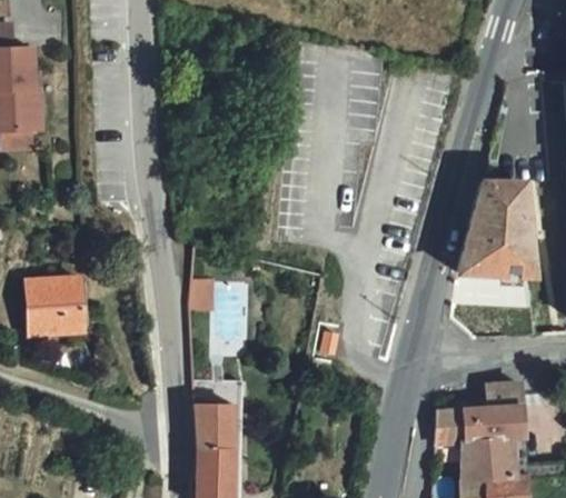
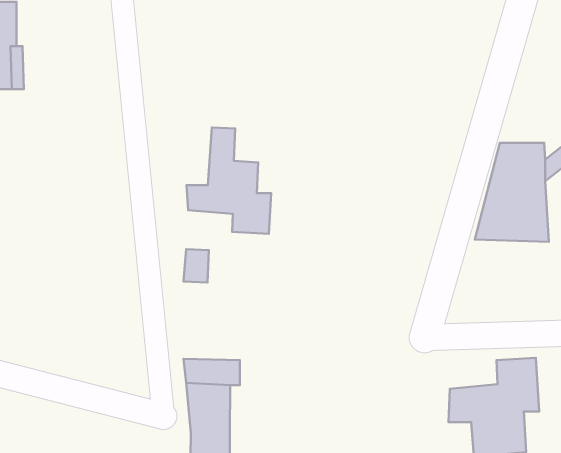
building: none -> [187,128,271,234]
building: [29,280,85,336] -> none

